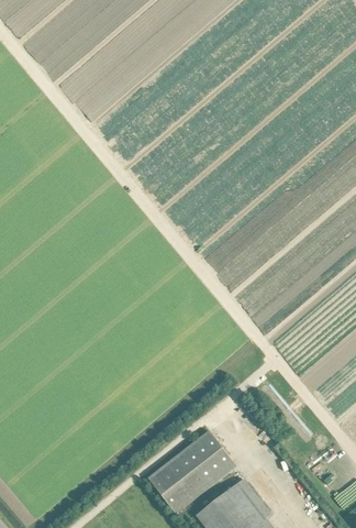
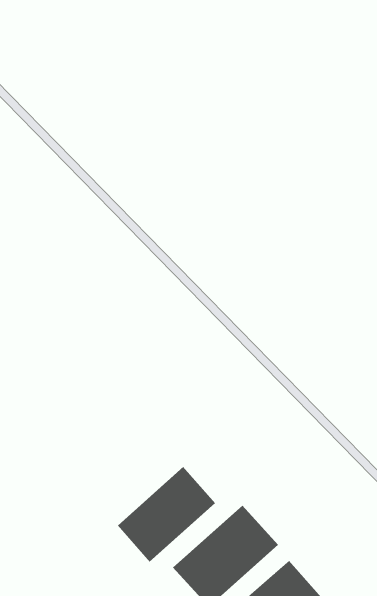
building: none -> [117,466,216,562]

